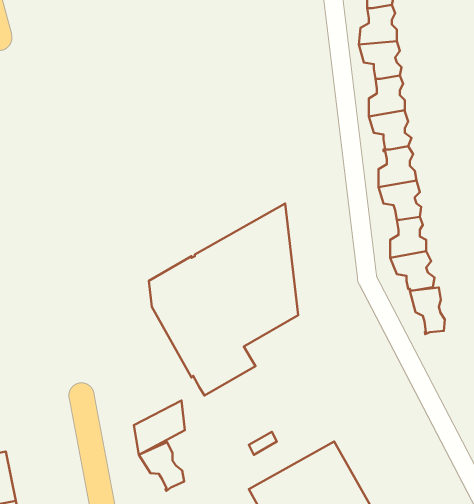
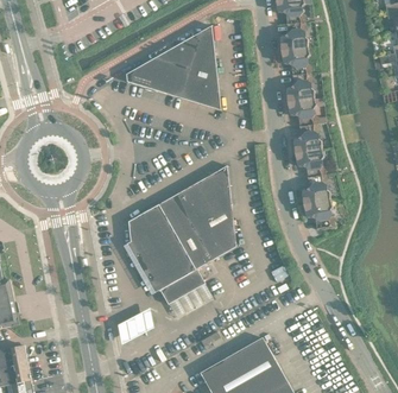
building: none -> [125,25,220,110]
building: [410,288,445,334] -> none
building: [139,442,184,491] -> none

